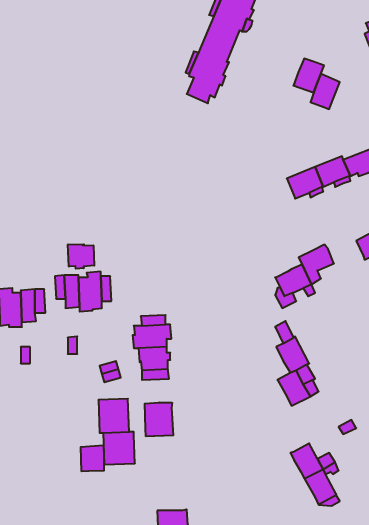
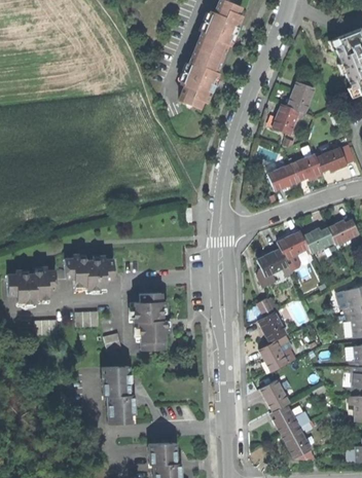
building: [293,59,324,93] -> [273,105,299,135]
building: none -> [303,228,334,253]
building: [68,244,94,269] -> none
building: [145,402,173,436] -> none
building: none -> [261,380,290,412]
building: [81,445,104,471] -> none
building: none -> [149,442,176,465]

